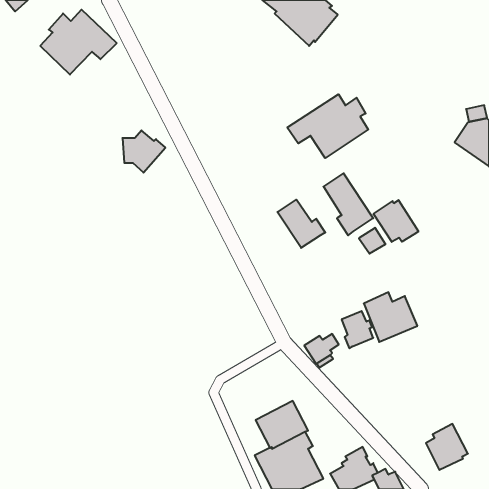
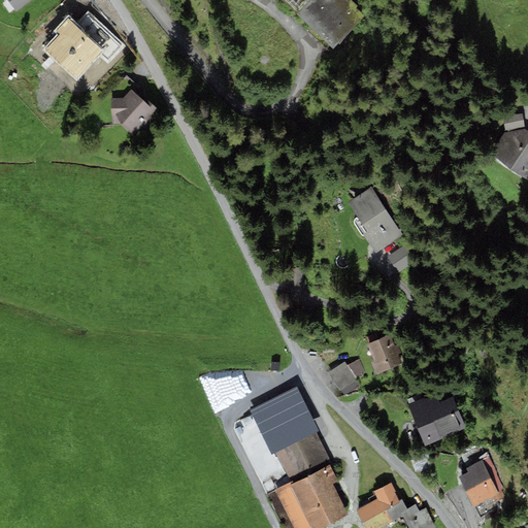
building: [287,94,368,158] -> none
building: [122,130,165,173] -> [110,90,157,135]
building: [277,200,325,248] -> none
building: [374,200,418,242] -> none
building: [364,292,417,342] -> [408,393,466,447]
building: none -> [249,387,319,455]

